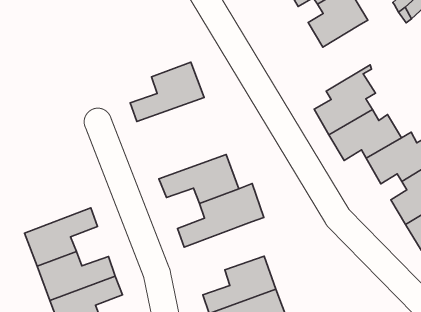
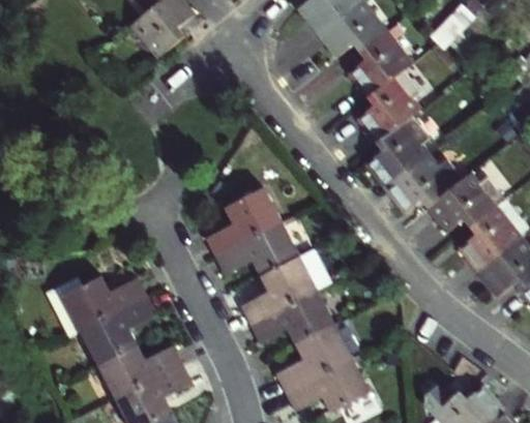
building: none -> [359,69,421,143]
building: [130,62,204,122] -> [205,187,282,256]
building: none -> [62,275,147,331]
building: none -> [249,290,334,343]

